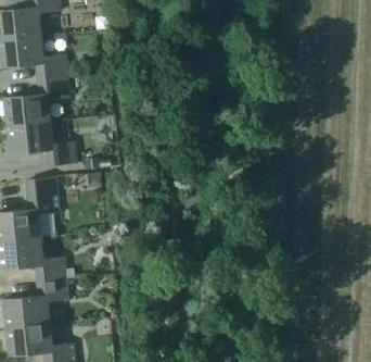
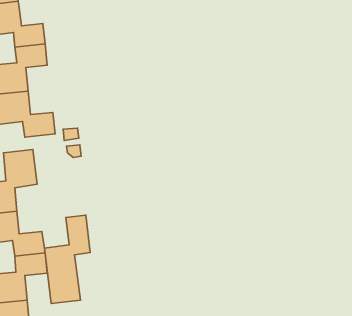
building: none -> [45,215,90,303]

